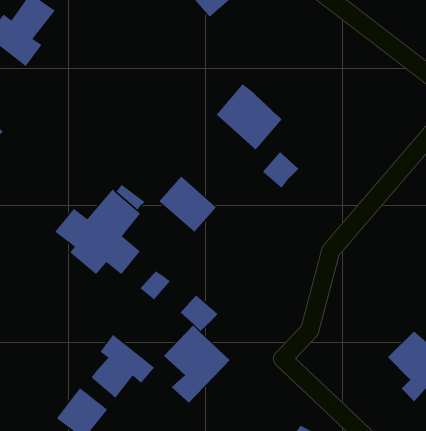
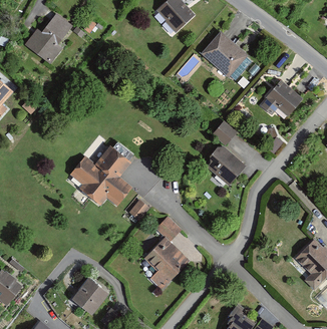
building: [216,83,283,150] -> [201,32,246,77]
building: none -> [261,80,301,115]
building: [159,176,217,233] -> [205,144,244,183]
building: [90,334,155,399] -> none

